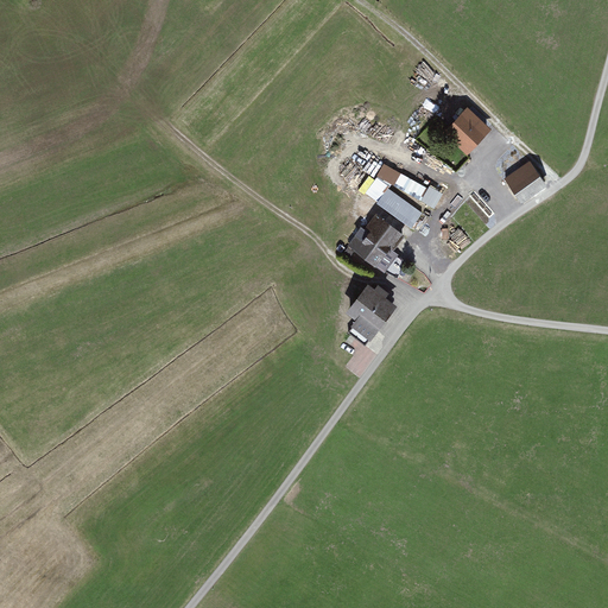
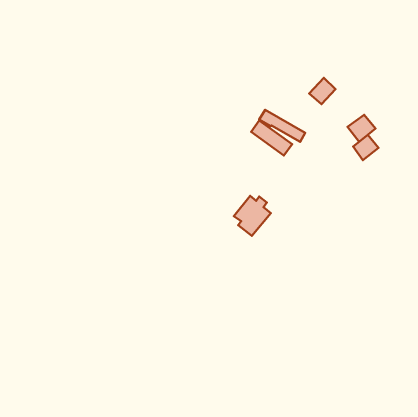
building: none -> [353,135,378,160]
building: [348,213,404,274] -> none

